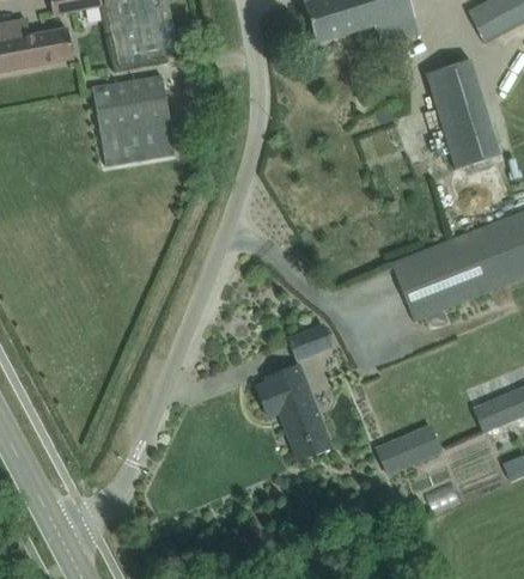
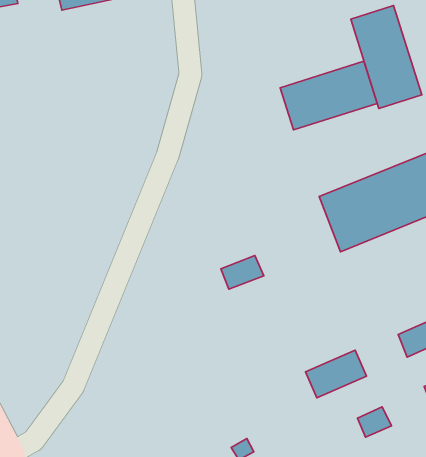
building: [93,75,176,165] -> none
building: none -> [280,61,377,130]
building: [257,365,334,456] -> none

